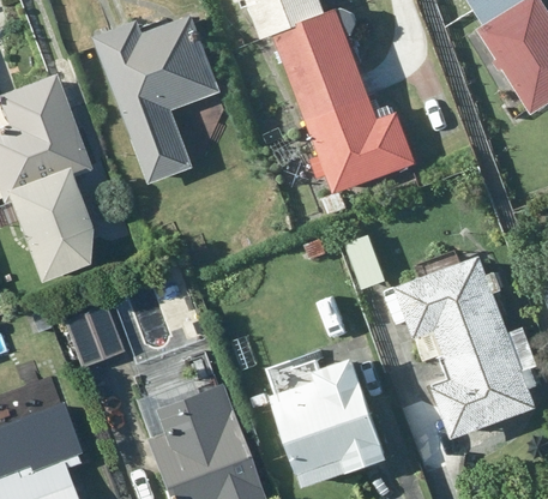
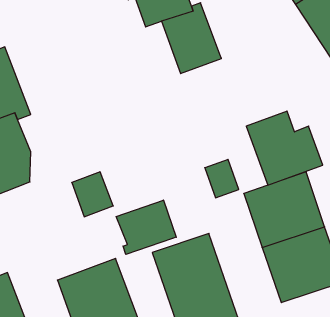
building: [95,19,219,182] -> none
building: [307,90,417,197] -> [246,111,323,185]
building: none -> [116,200,176,254]
building: [62,301,122,366] -> [72,172,113,217]

